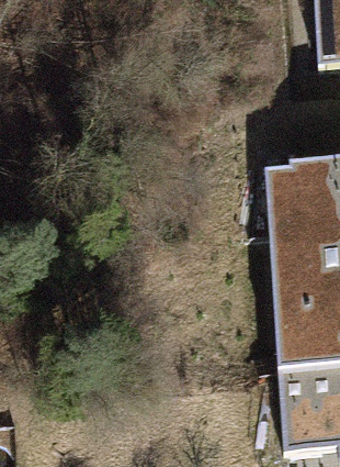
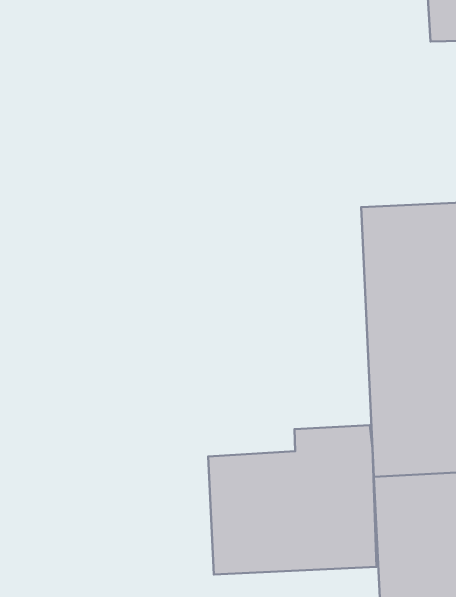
building: none -> [208,425,377,575]

